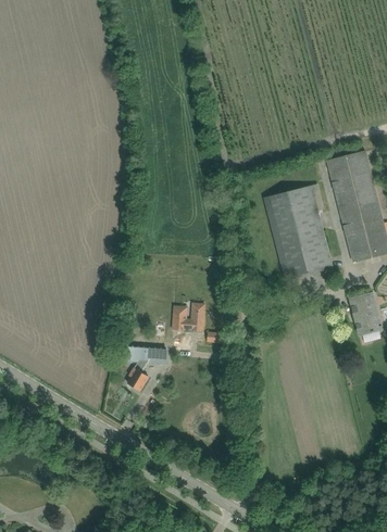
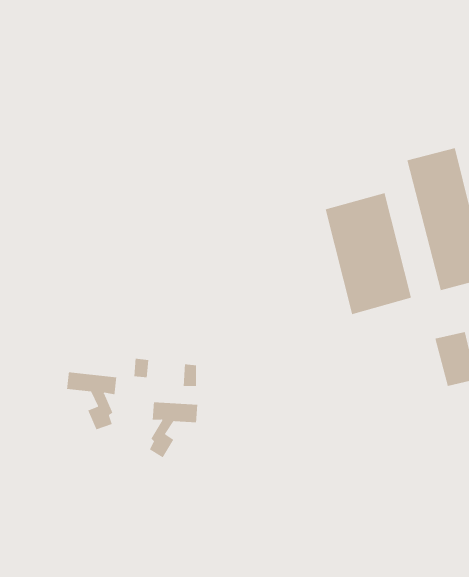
building: [172,305,203,331] -> none
building: none -> [67,371,117,430]

